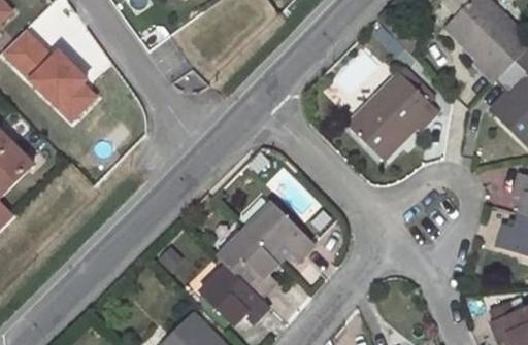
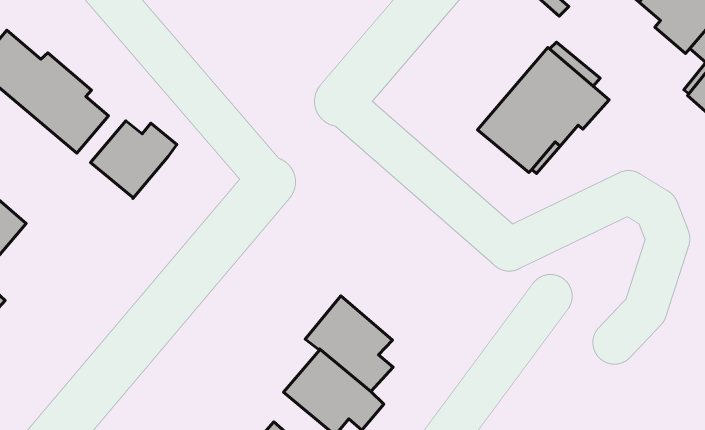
building: none -> [91,121,177,198]
building: [244,202,314,263] -> none

